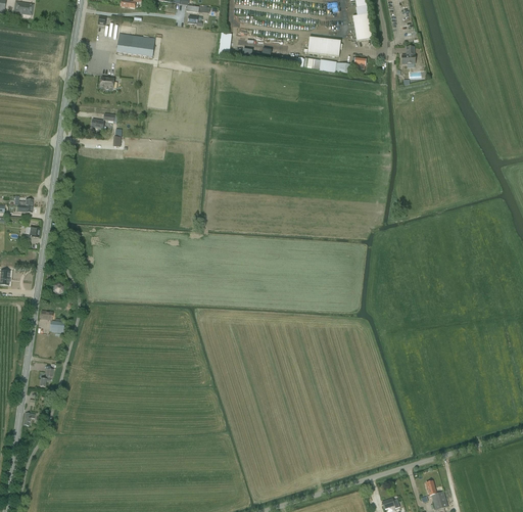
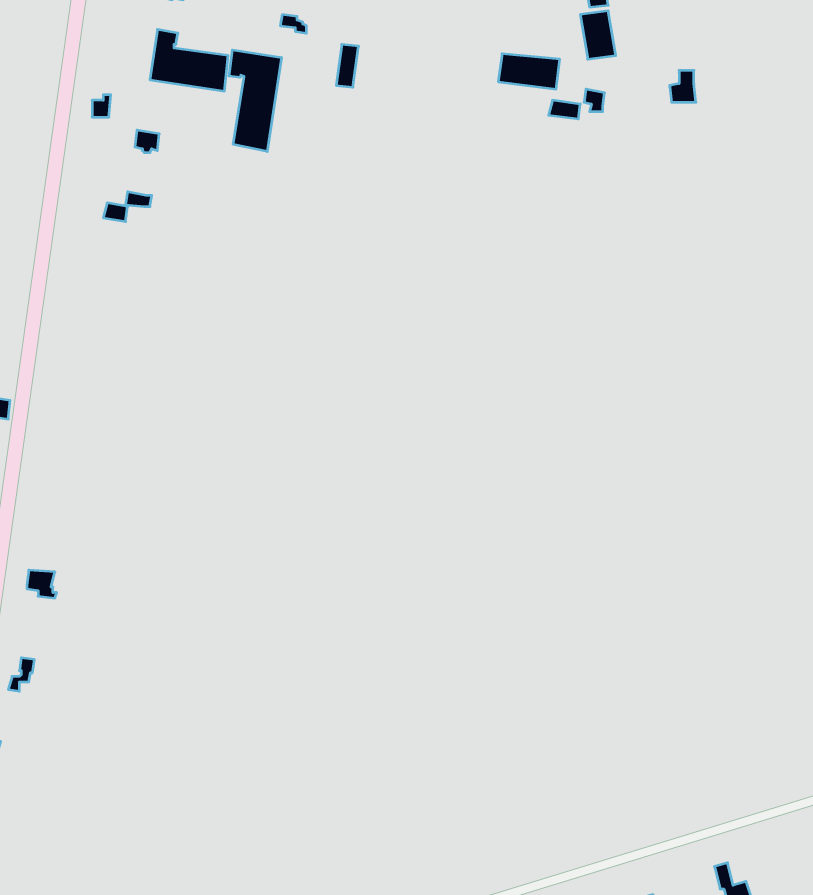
building: none -> [229,50,281,152]

